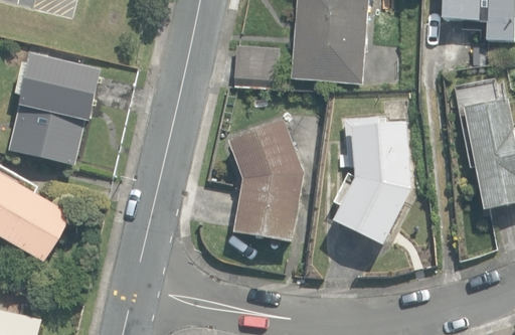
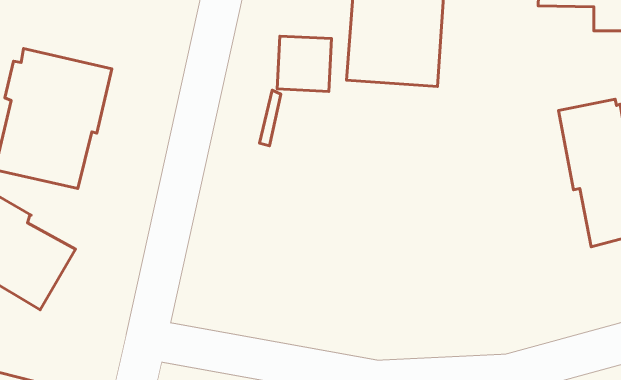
building: [333,116,411,245] -> none
building: [229,121,306,244] -> none

